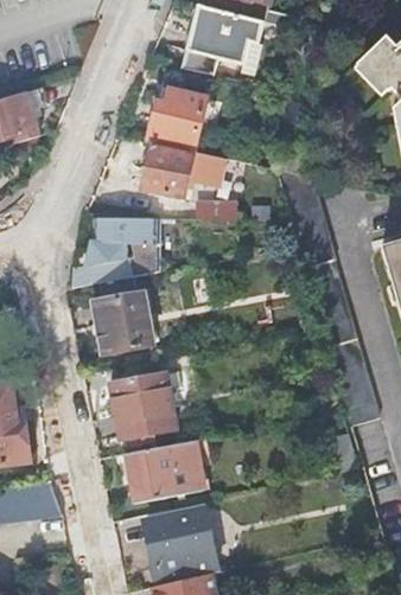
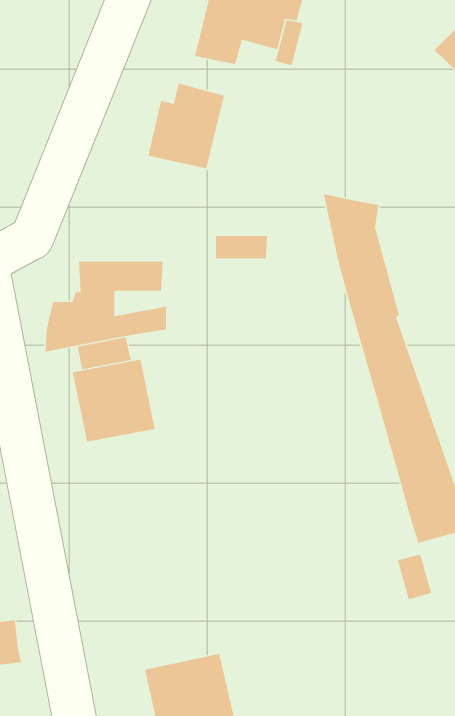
building: [140,145,223,199] -> none
building: [110,372,177,439] -> none
building: [123,440,205,504] -> none

